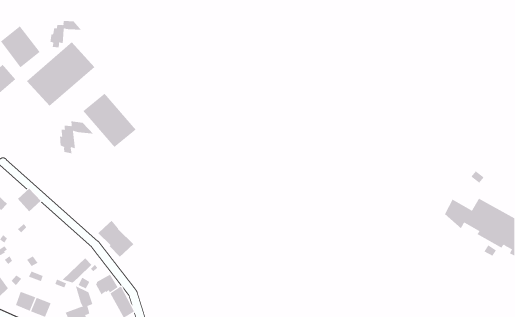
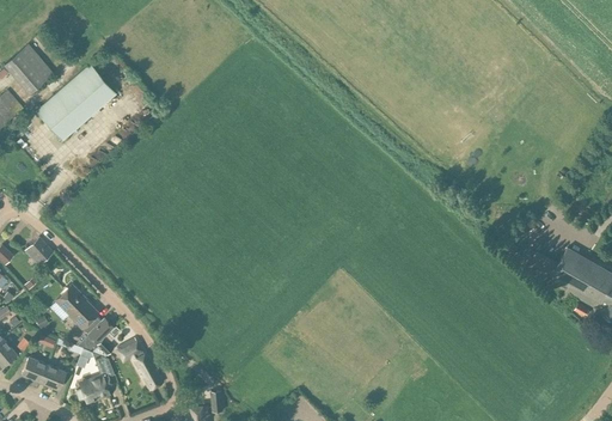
building: [50,20,82,48] -> none
building: [82,93,137,148] -> none
building: [59,120,95,154] -> none
building: [98,220,134,257] -> [55,283,98,328]

